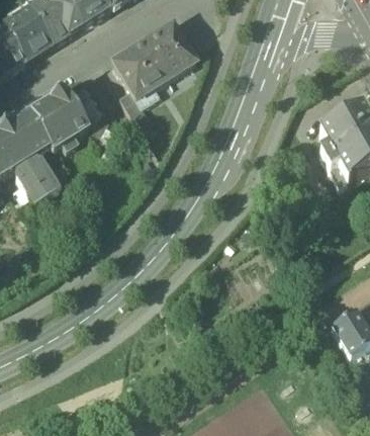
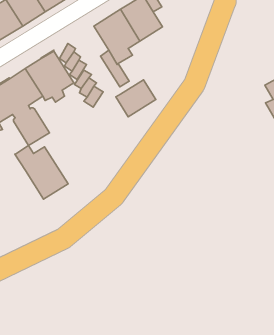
building: none -> [116,80,156,117]
building: none -> [15,145,68,199]

